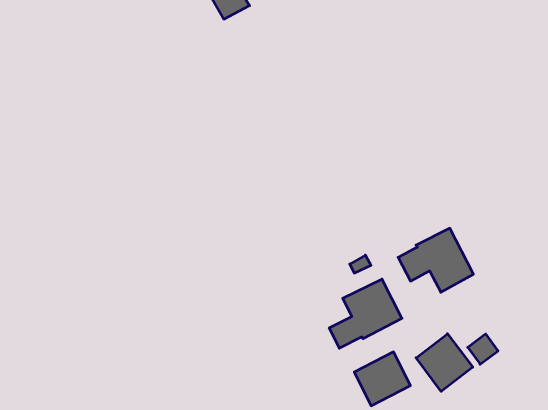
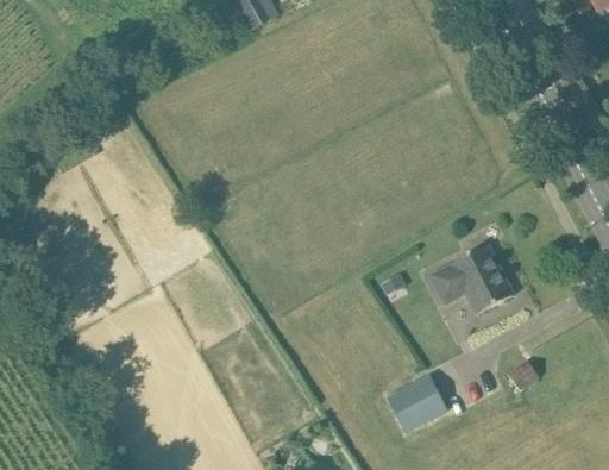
building: [329,279,402,348] -> none
building: [416,334,473,391] -> none

